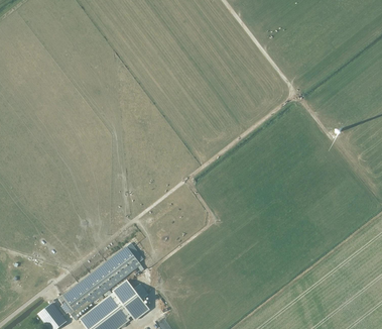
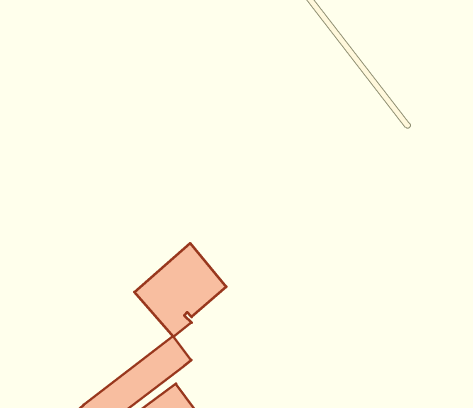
building: none -> [134,243,226,337]

